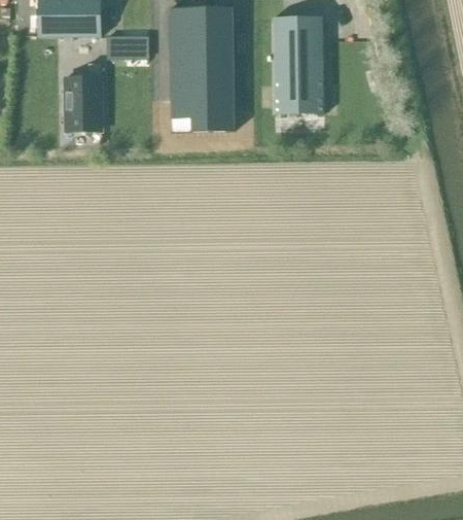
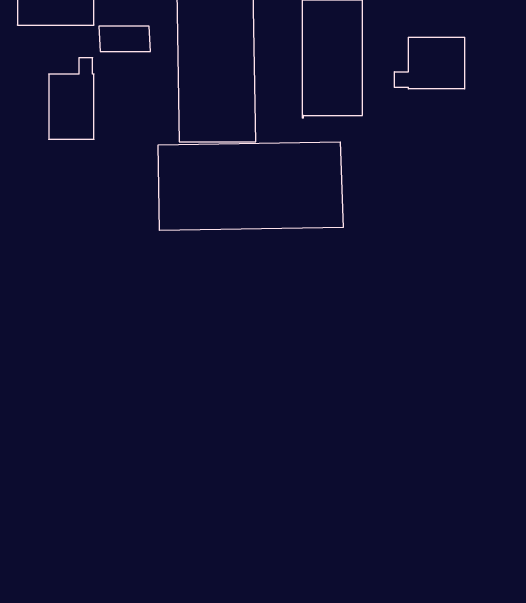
building: none -> [394,37,465,89]
building: none -> [158,142,343,230]

